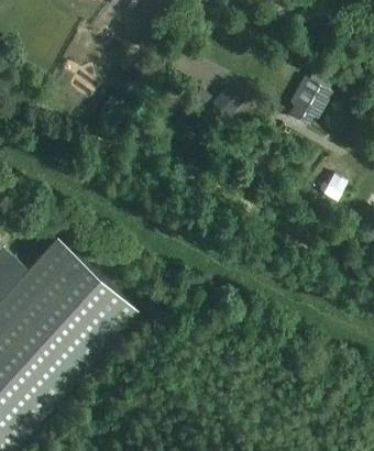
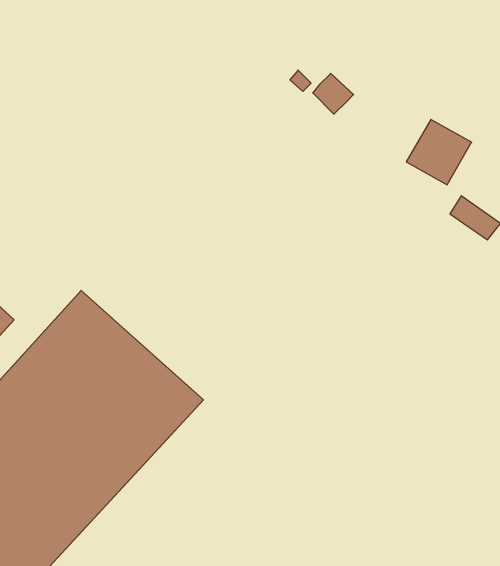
building: [288,76,332,120] -> [406,119,472,185]

